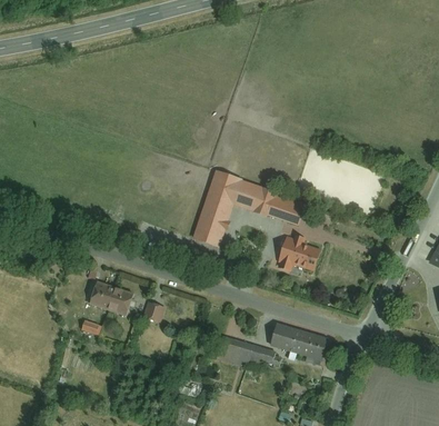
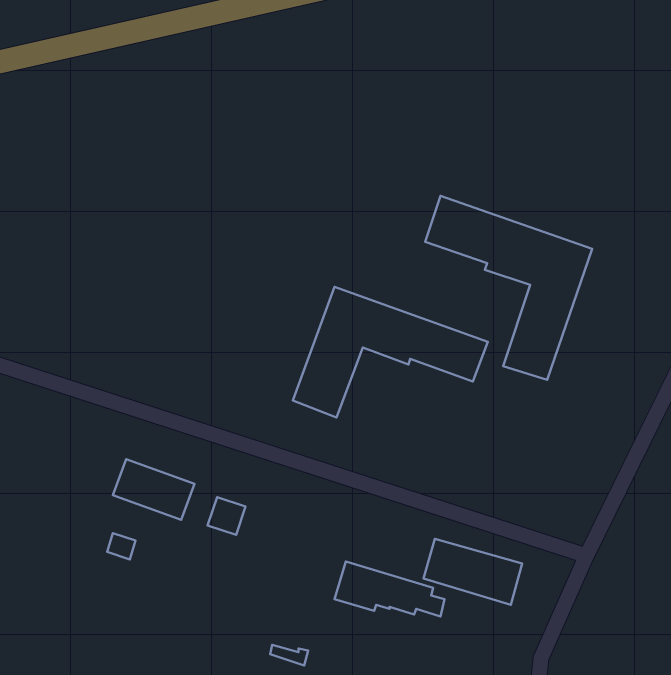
building: none -> [425,196,592,380]
building: [276,236,321,278] -> none

